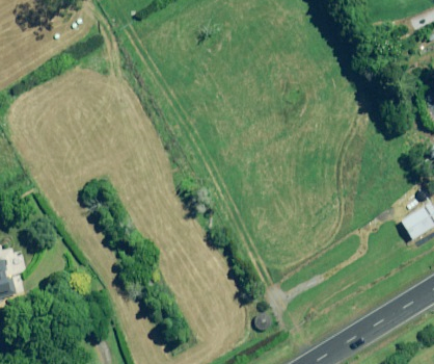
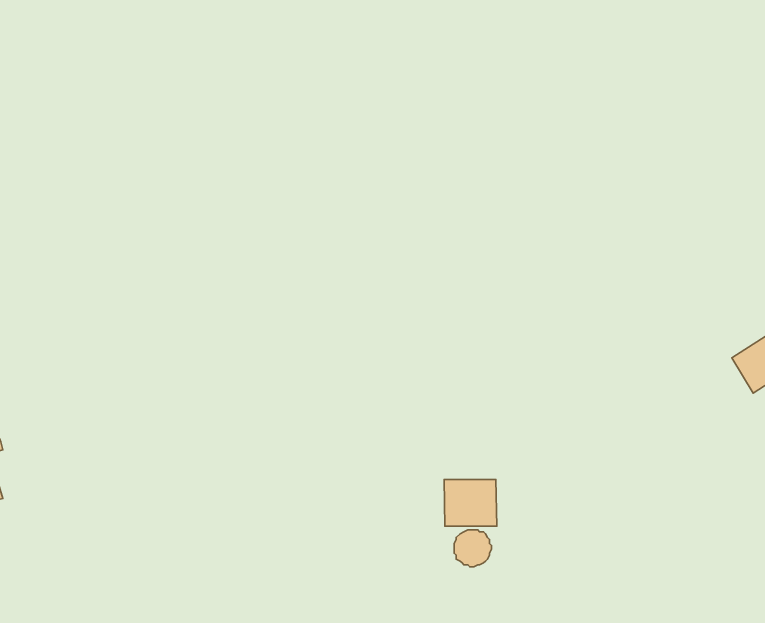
building: none -> [444,480,497,526]

